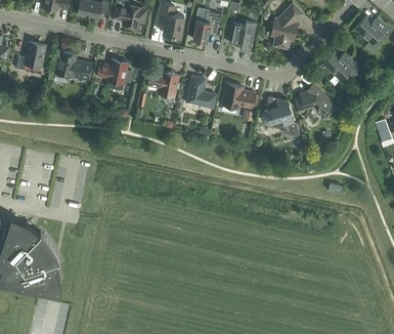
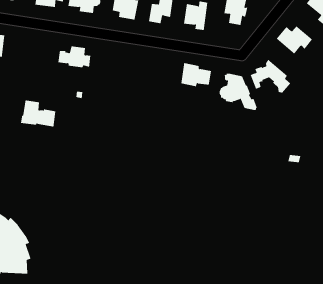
building: [54,50,92,80] -> [20,100,56,127]
building: [147,72,178,96] -> none
building: [186,76,215,108] -> none

